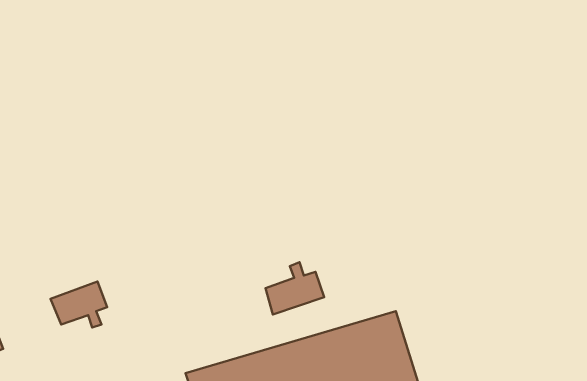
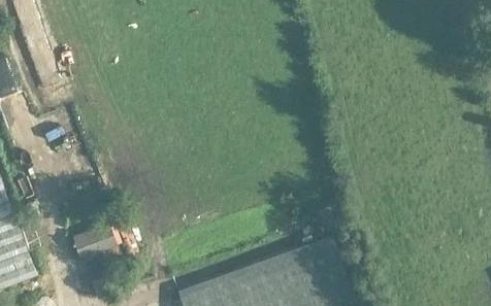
building: [265,262,324,314] -> none

